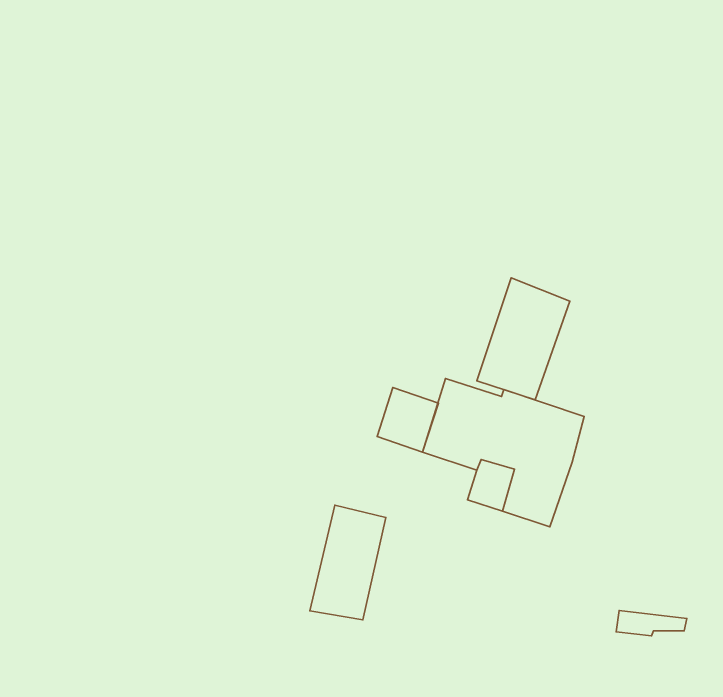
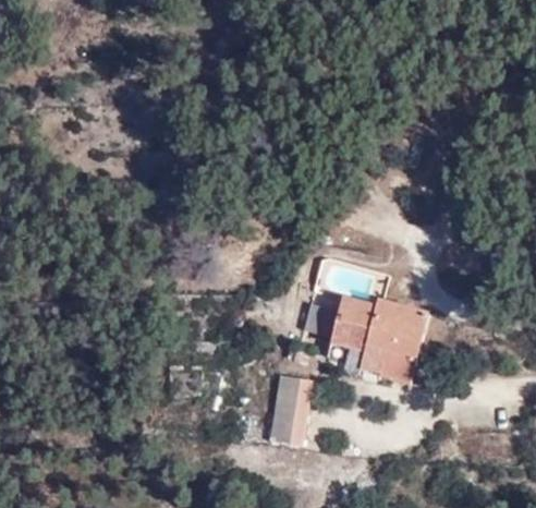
building: [477,278,570,400] -> none

